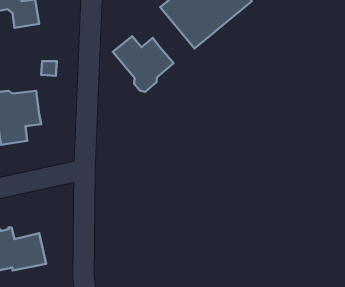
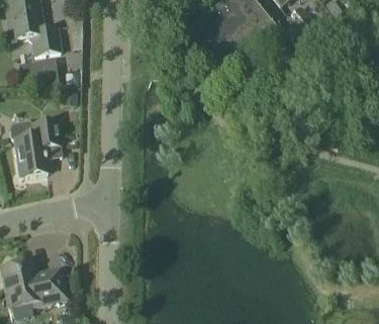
building: none -> [32,58,59,86]
building: [113,36,174,92] -> none

